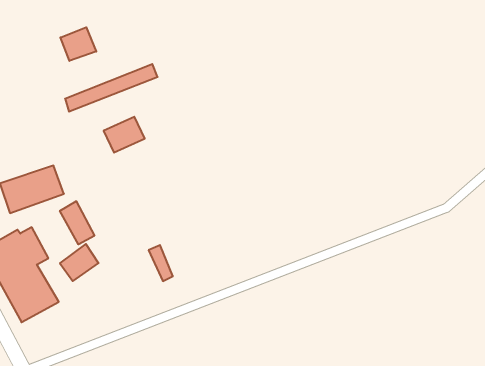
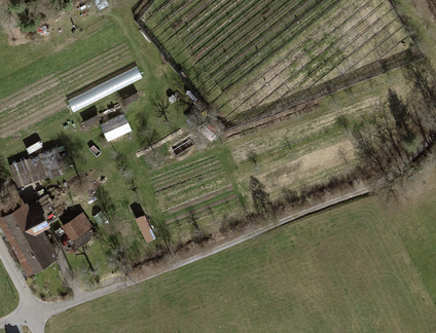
building: [60,27,96,61] -> none
building: [60,201,94,244] -> none

